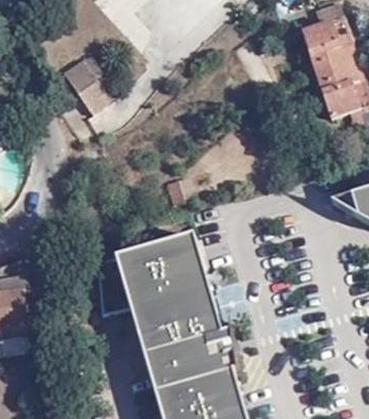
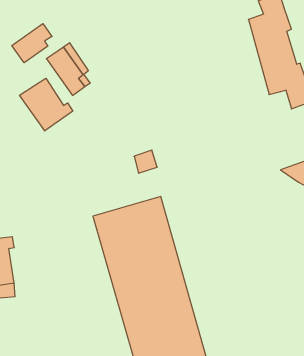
building: none -> [12,24,52,63]
building: none -> [20,78,73,131]

